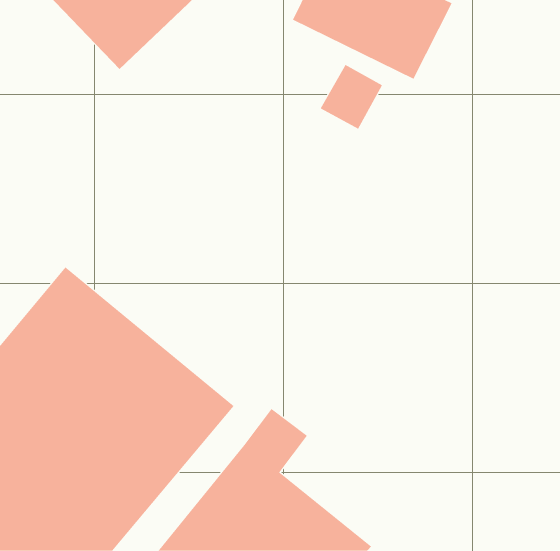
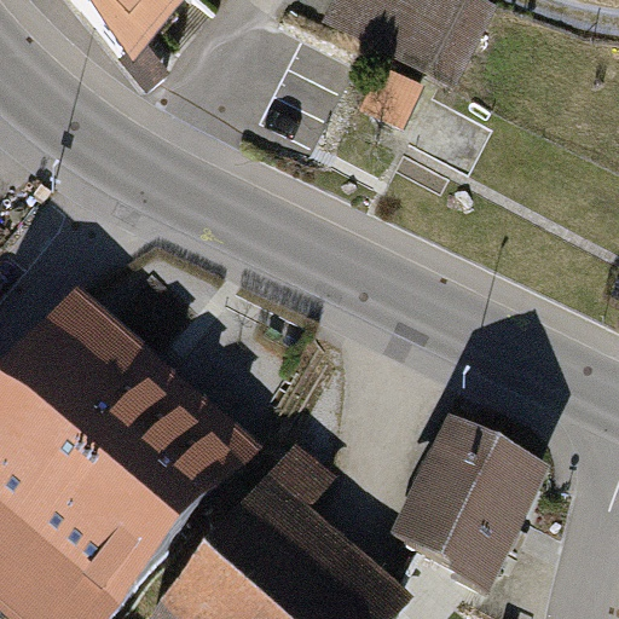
building: none -> [389,407,544,578]

